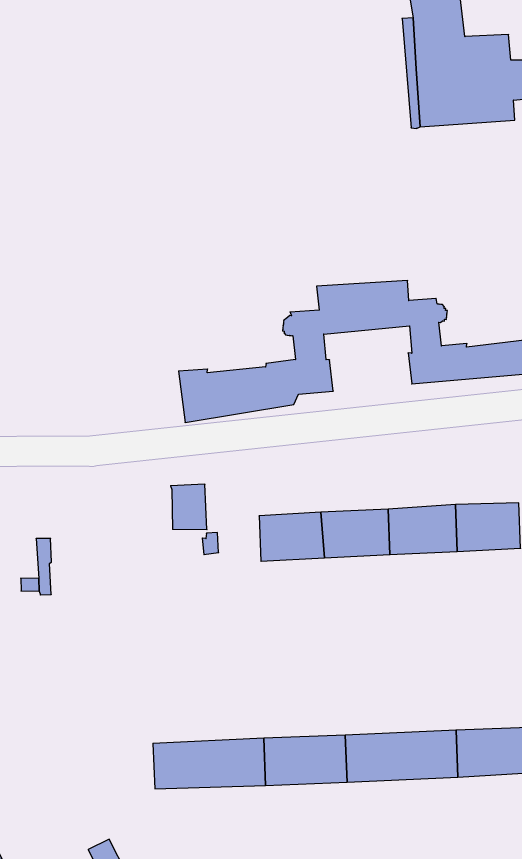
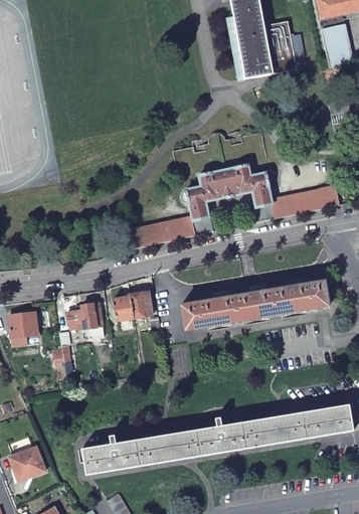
building: none -> [112,296,133,321]
building: none -> [65,303,103,336]
building: none -> [82,439,140,473]

